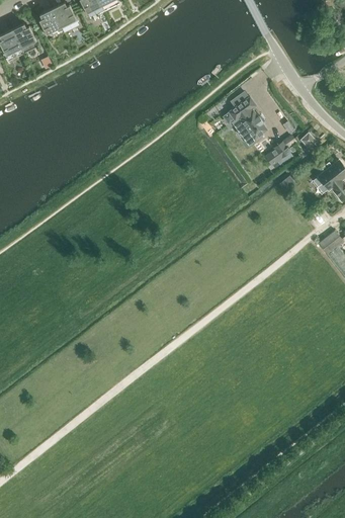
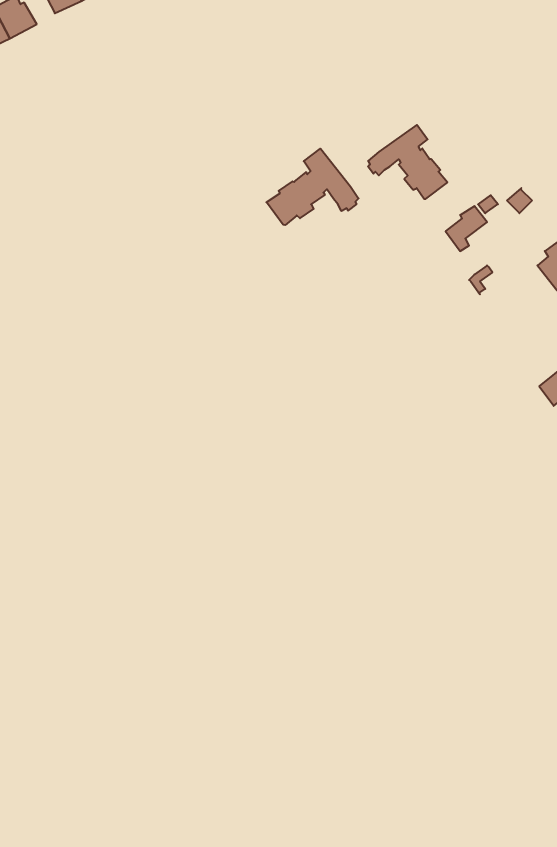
building: none -> [266,149,359,225]

